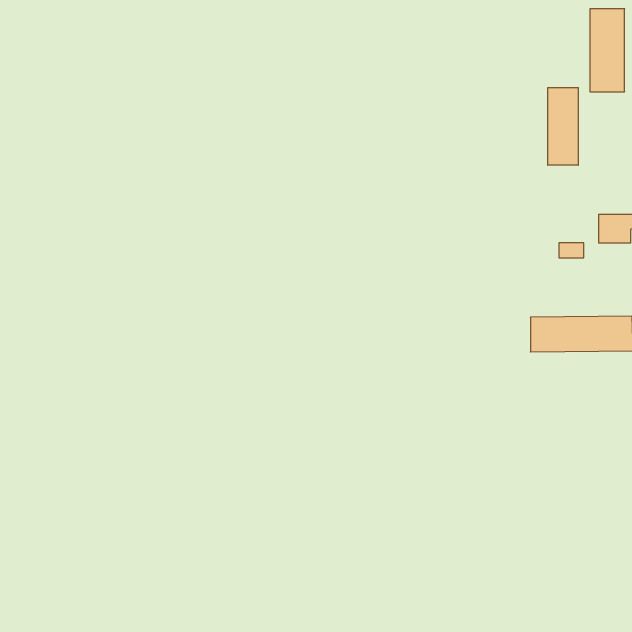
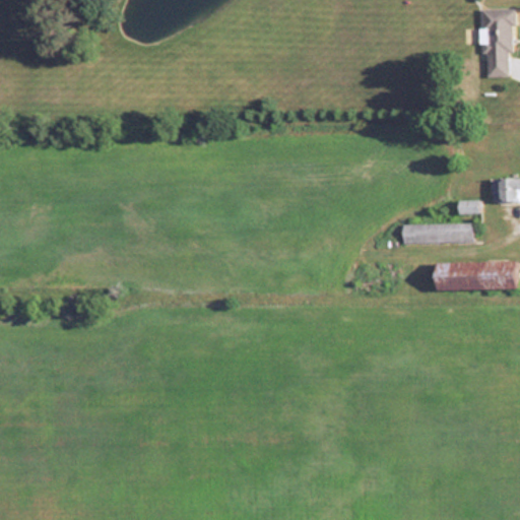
building: [548,88,578,165] -> none
building: none -> [403,223,474,243]

